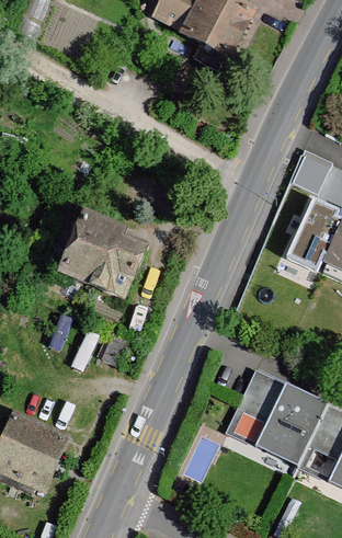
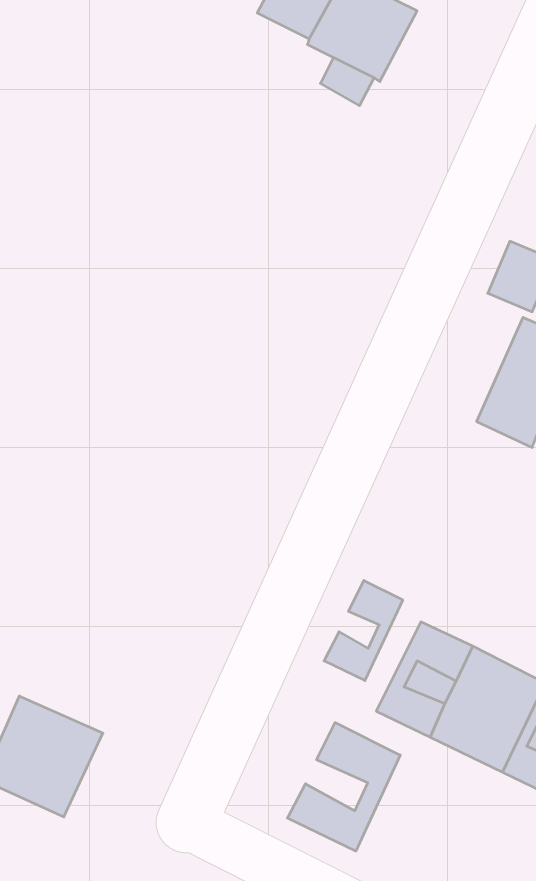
building: [62,219,140,297] -> none
building: none -> [324,580,403,681]
building: none -> [287,723,400,851]

